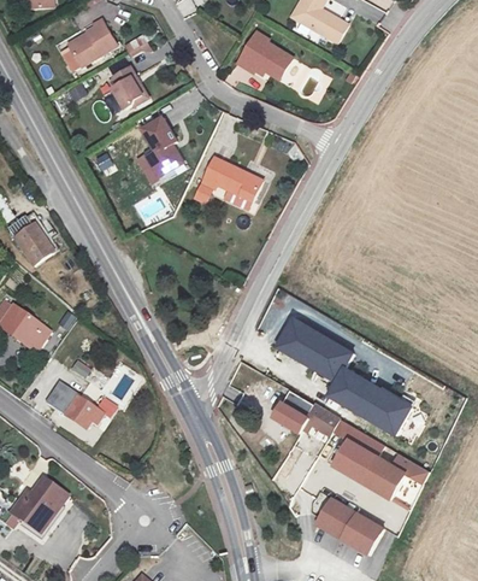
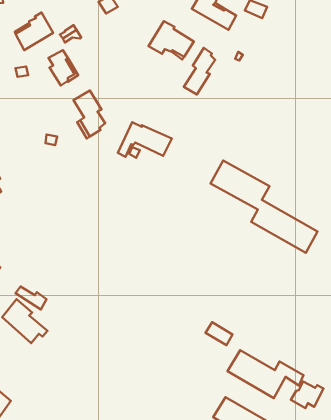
building: none -> [184,48,215,95]
building: [277,318,411,434] -> [211,160,318,253]
building: [271,391,314,436] -> none
building: none -> [291,382,323,408]

